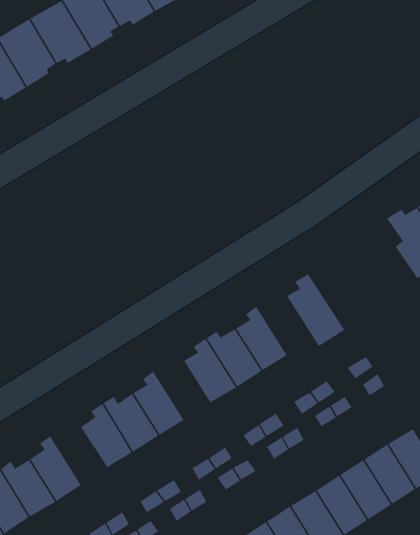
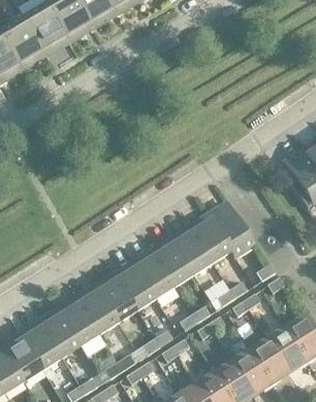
building: none -> [190,220,235,263]
building: none -> [115,267,156,310]
building: none -> [39,315,81,358]

